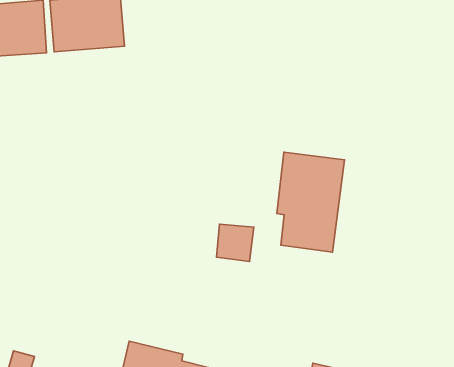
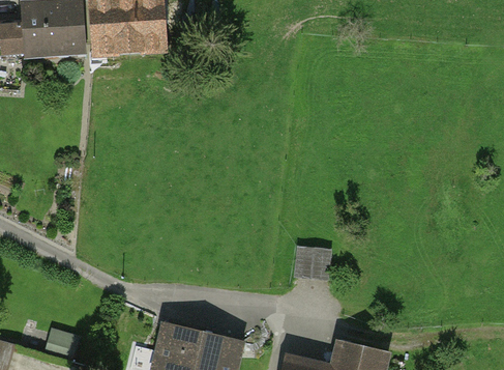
building: [277,152,344,252] -> none
building: [216,224,254,261] -> [296,245,331,280]

